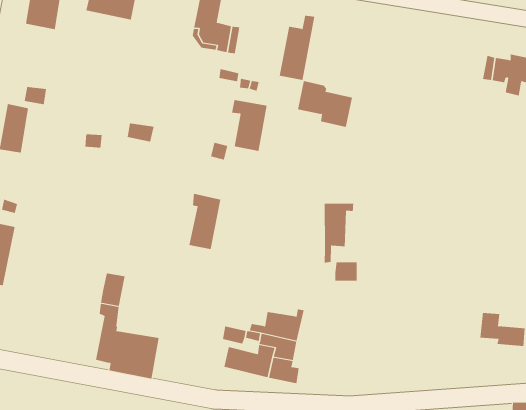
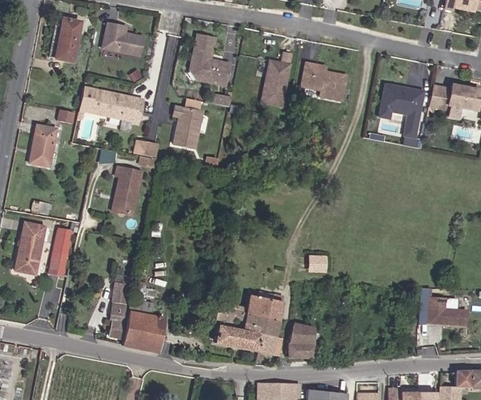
building: none -> [379,83,424,137]
building: none -> [90,89,143,122]
building: [297,81,353,128] -> [301,62,347,101]
building: [231,99,268,151] -> [173,106,203,149]
building: [188,193,221,250] -> [114,167,141,214]
building: [324,203,354,264] -> none
building: none -> [48,231,72,280]
building: none -> [286,325,313,358]

